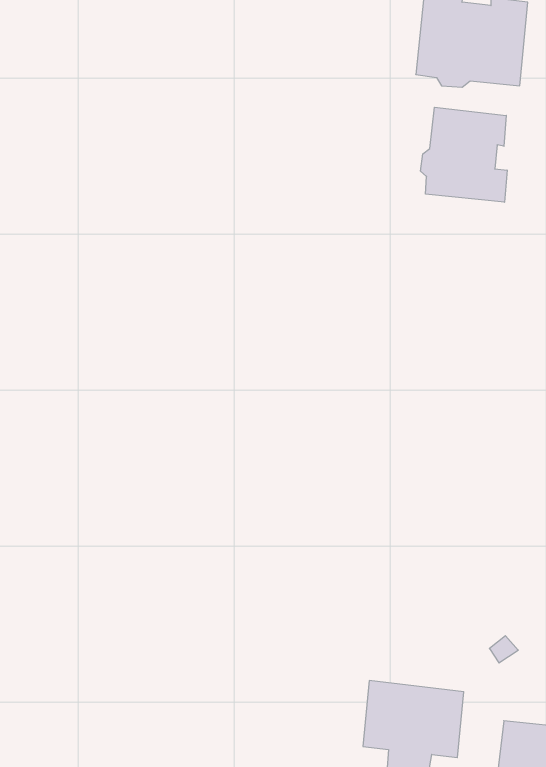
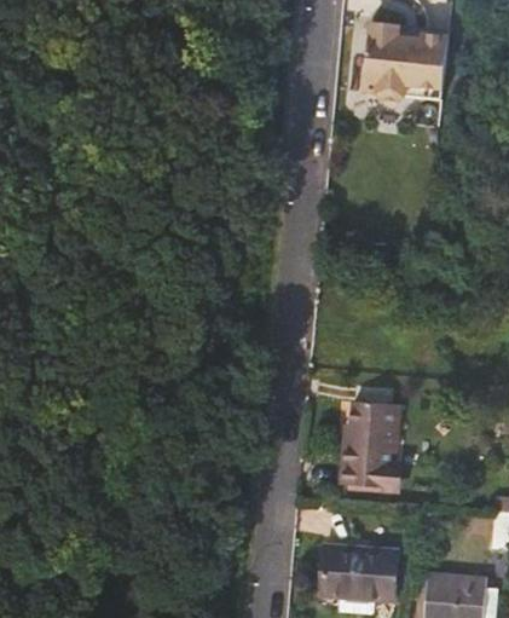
building: [421,107,507,202] -> none
building: none -> [340,402,395,485]

